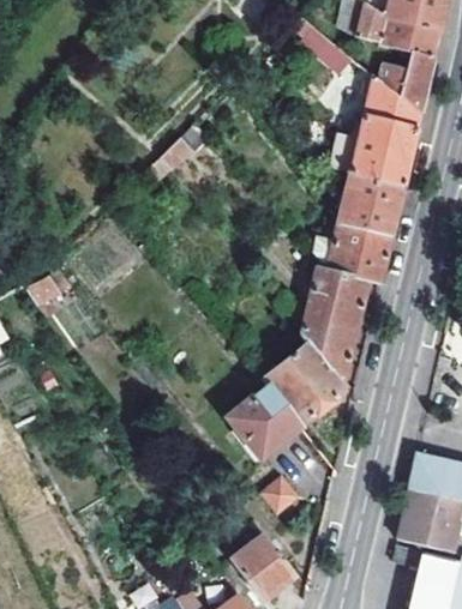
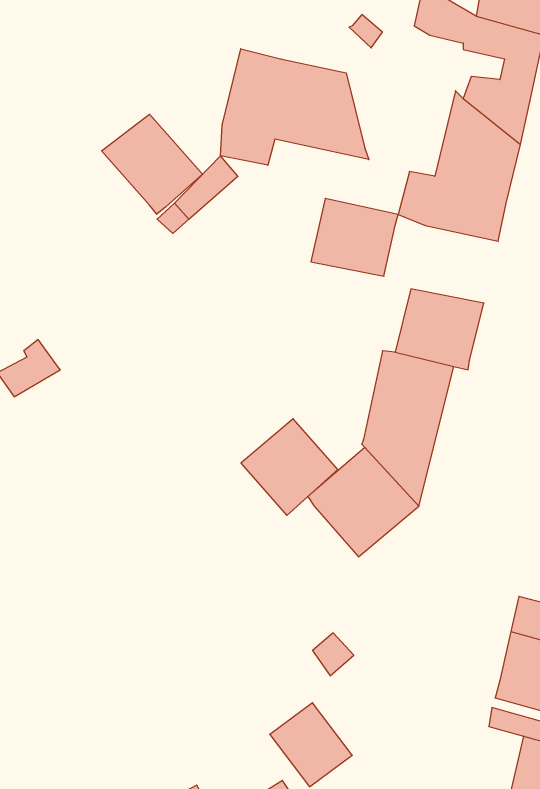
building: none -> [221,49,369,165]
building: none -> [102,114,203,214]
building: [340,174,406,233] -> [311,198,398,276]
building: [227,386,300,459] -> [241,419,338,515]

